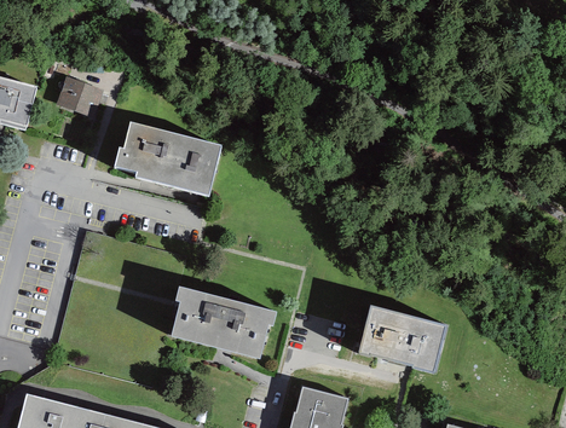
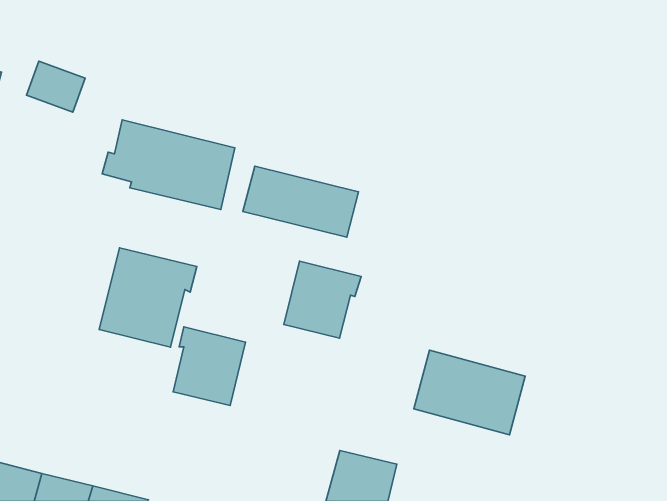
building: none -> [243,166,359,237]
building: none -> [99,248,197,347]
building: [215,300,276,360] -> [284,261,361,338]

